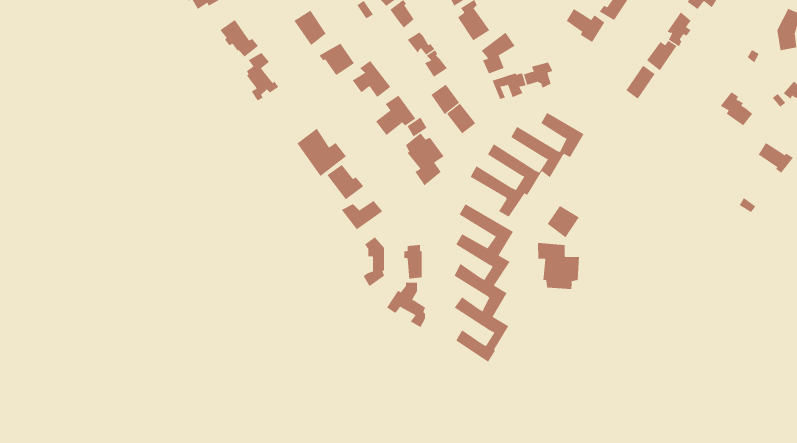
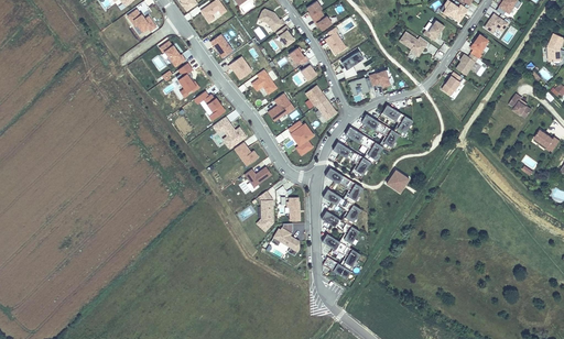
building: none -> [194,90,225,122]
building: [537,242,579,290] -> none

